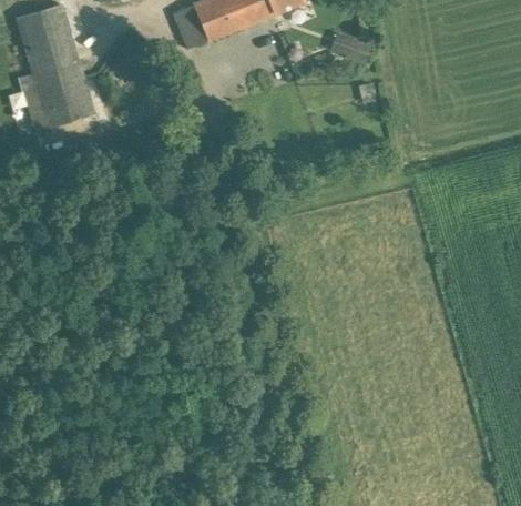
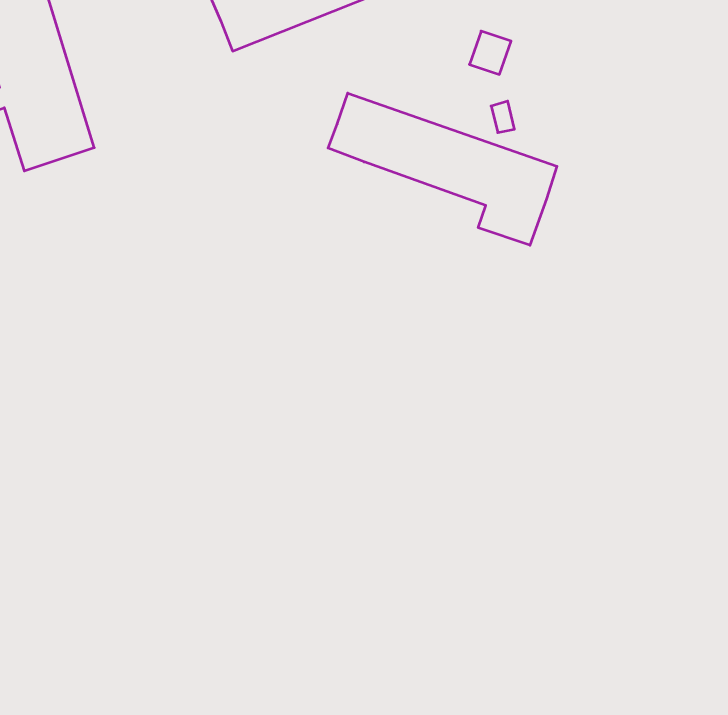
building: none -> [328,93,557,245]

